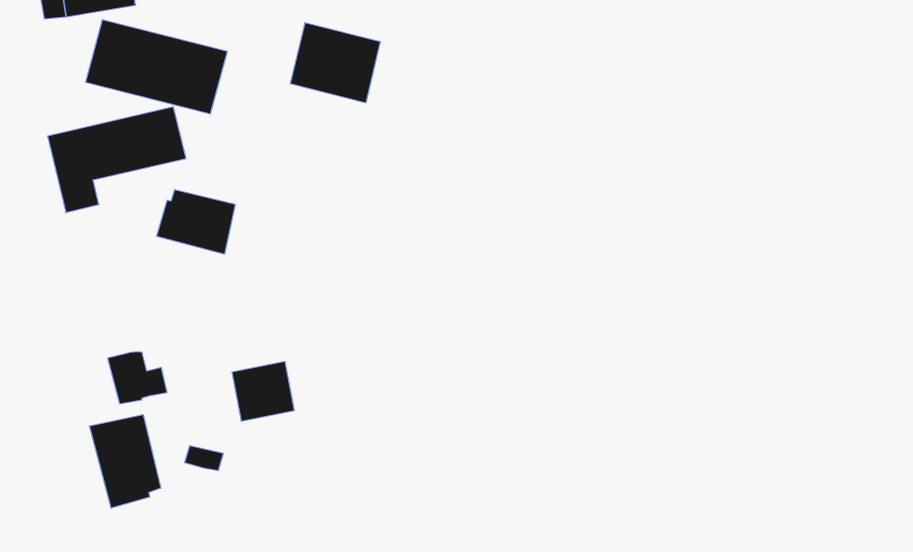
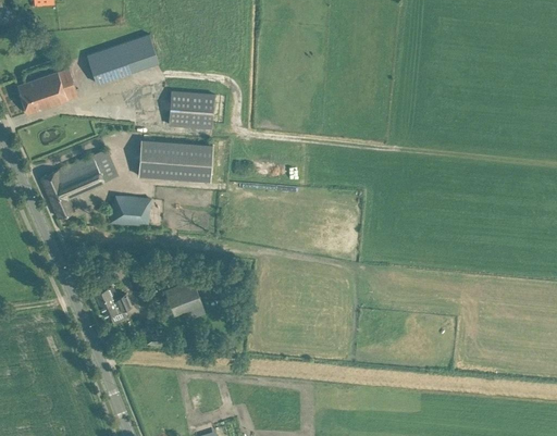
building: [85,20,227,114] -> [137,140,212,182]
building: [90,415,161,508] -> none

